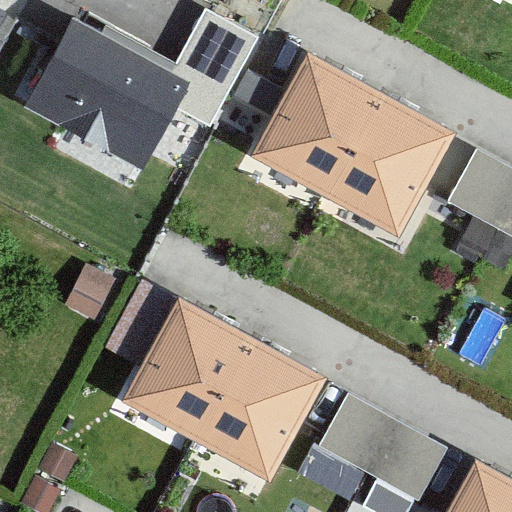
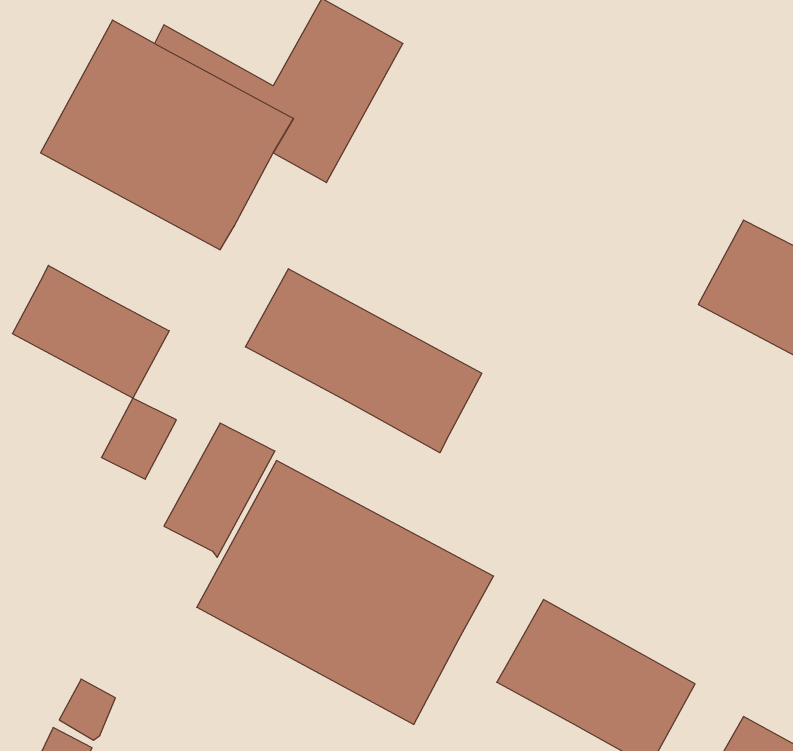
building: [258,61,445,227] -> none
building: none -> [12,265,169,398]
building: none -> [245,269,482,453]

